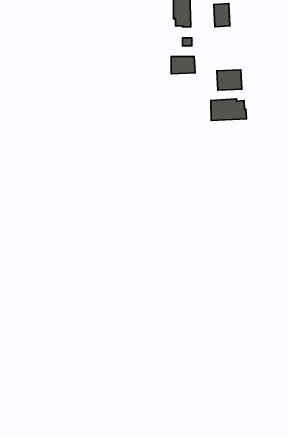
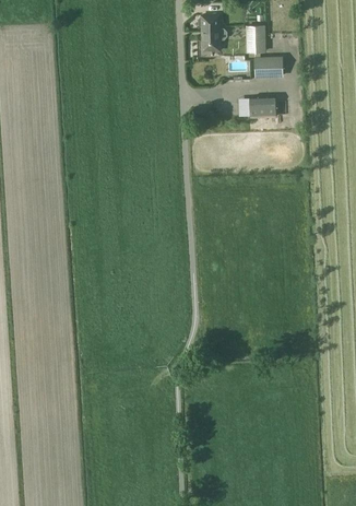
building: [171,57,195,74] -> [257,58,283,77]
building: [211,99,246,120] -> none

